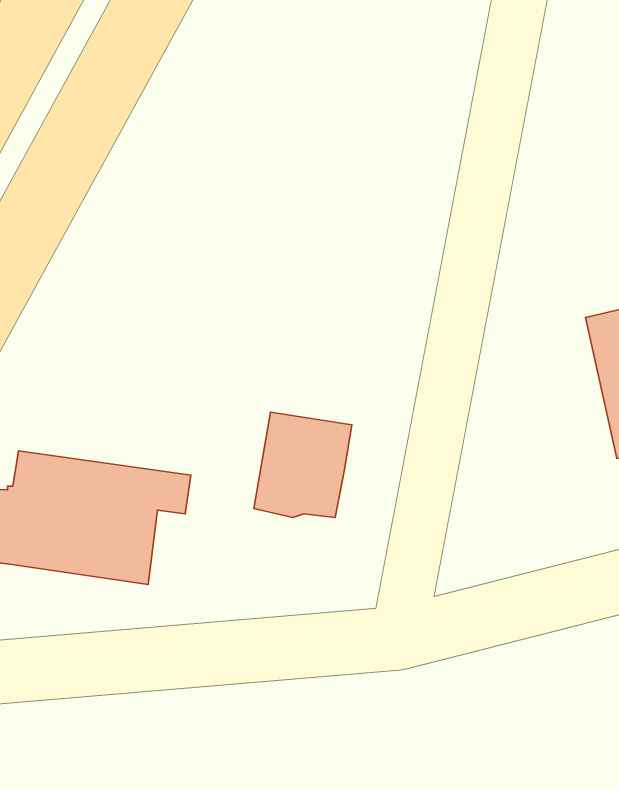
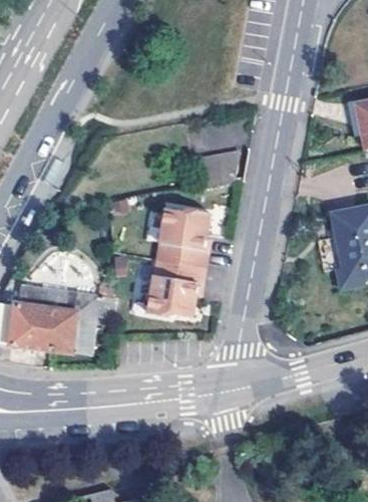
building: none -> [193,153,241,189]
building: none -> [158,212,213,270]

